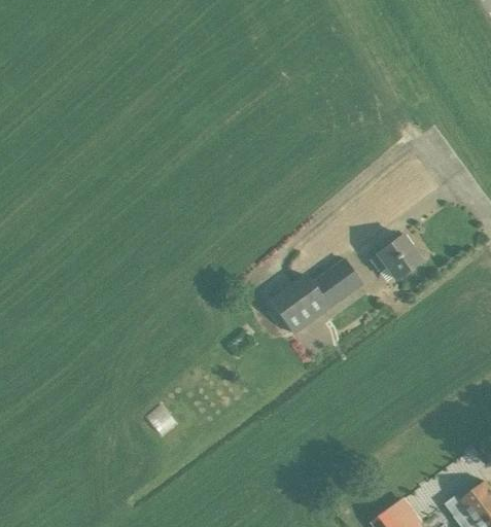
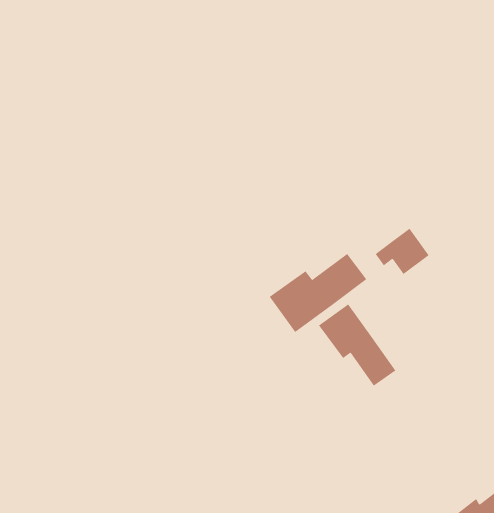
building: none -> [318,303,396,386]

